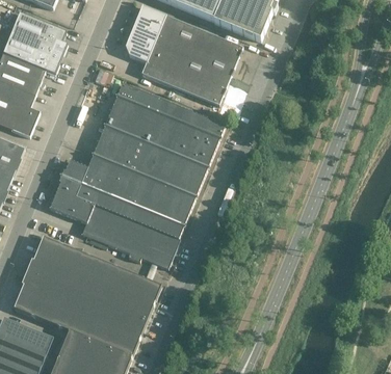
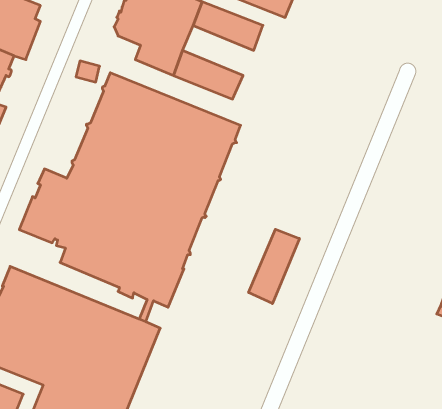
building: [179,46,235,85] -> none
building: none -> [249,229,299,304]

